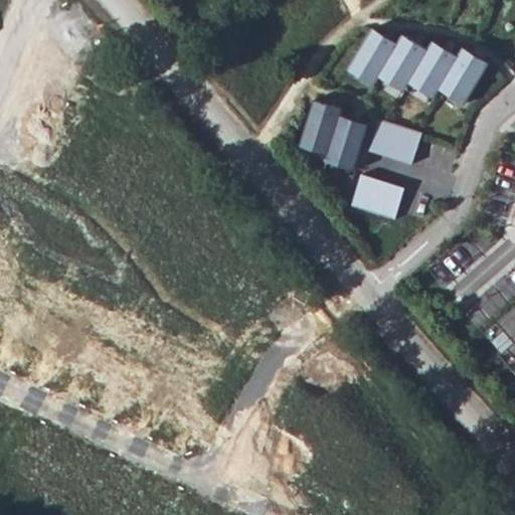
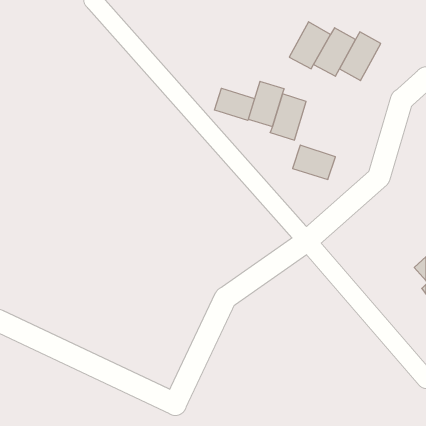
building: [438,49,487,105] -> none
building: none -> [215,88,255,120]
building: [367,125,418,166] -> none

